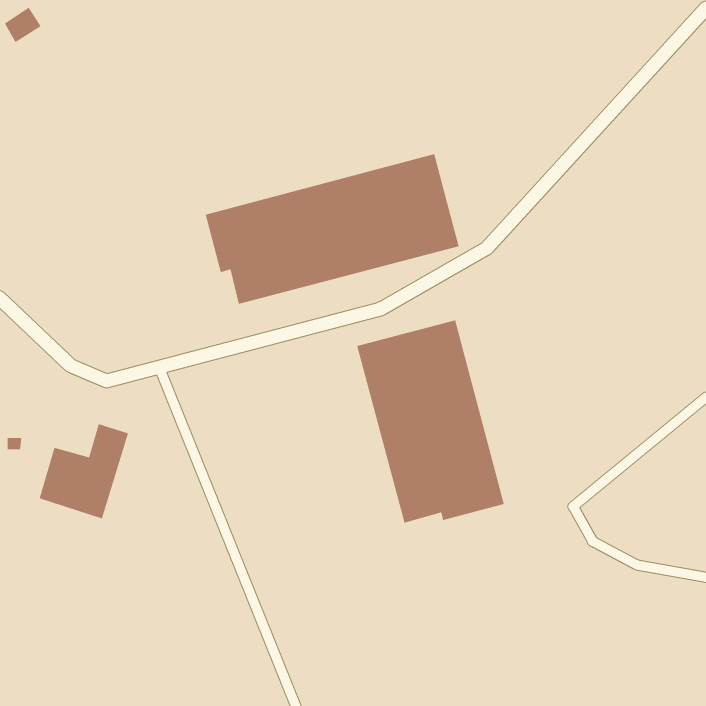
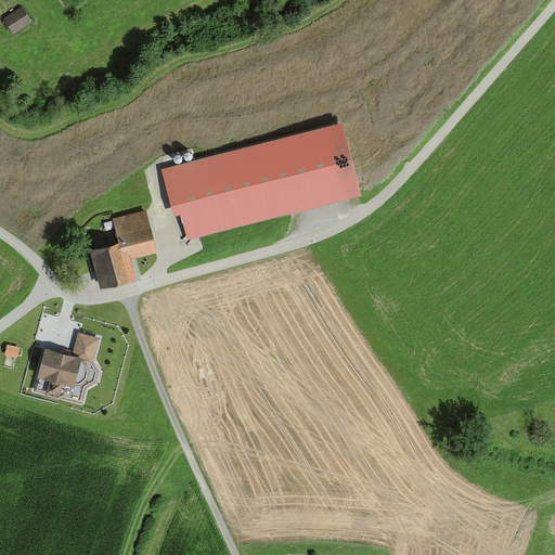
building: none -> [89,210,156,286]
building: [357,319,505,523] -> none

